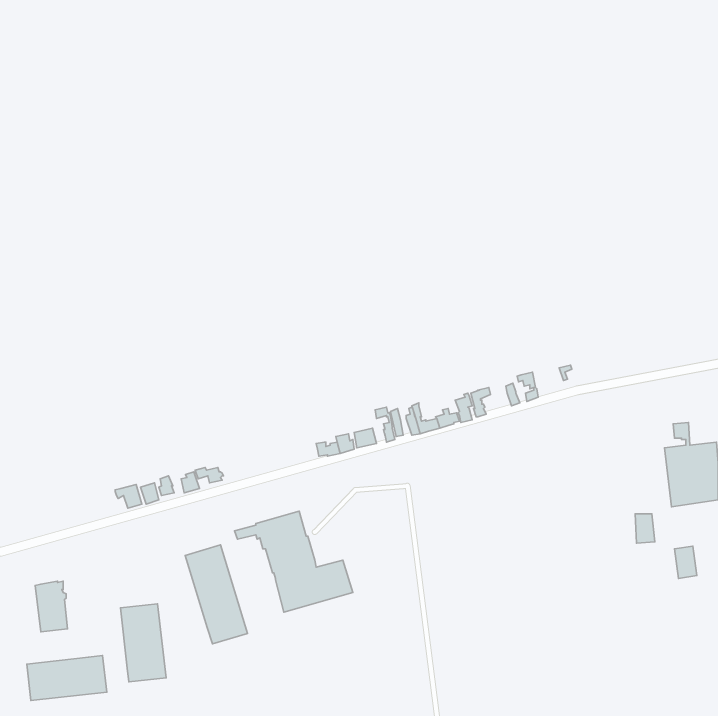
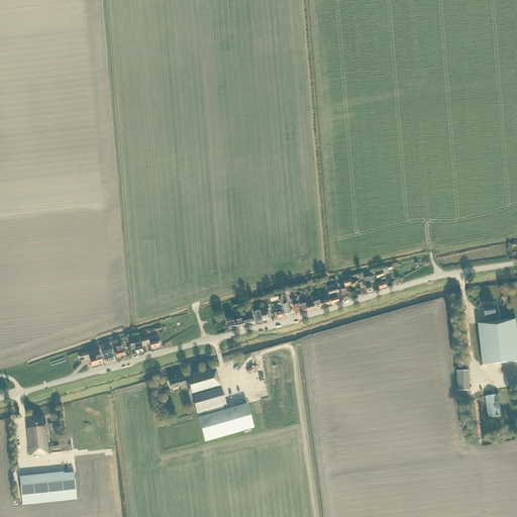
building: [185,545,248,644] -> none
building: [120,604,166,682] -> none

